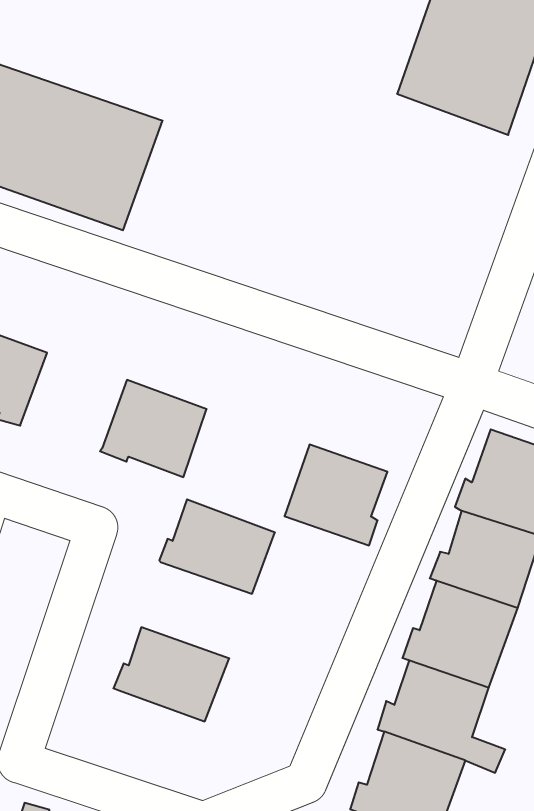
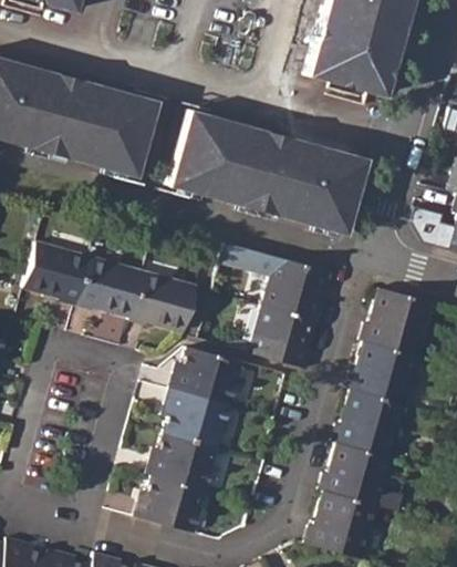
building: none -> [166,110,362,233]
building: none -> [218,241,329,321]
building: none -> [74,257,142,317]
building: none -> [162,388,232,449]
building: none -> [134,474,207,533]

